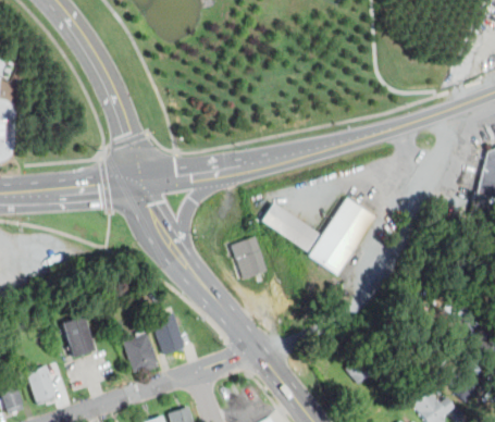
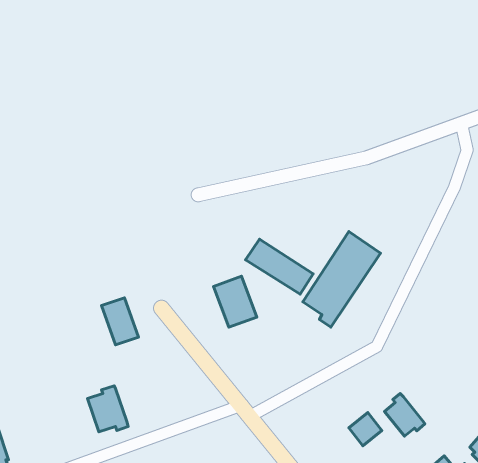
building: [152,313,184,353] -> [101,298,138,345]
building: [62,315,95,357] -> none
building: none -> [385,393,425,436]

